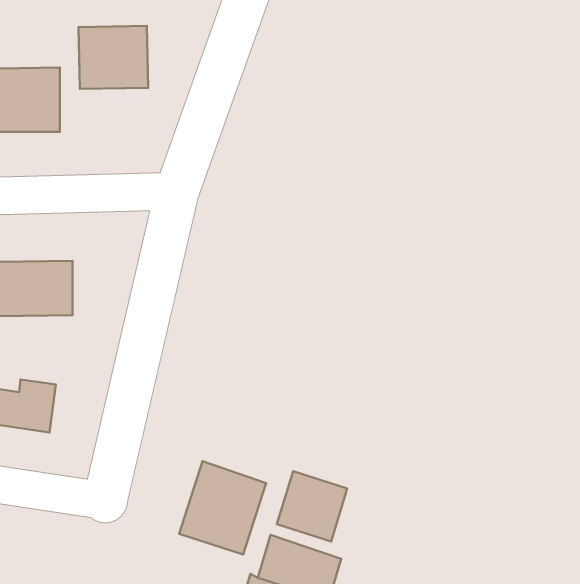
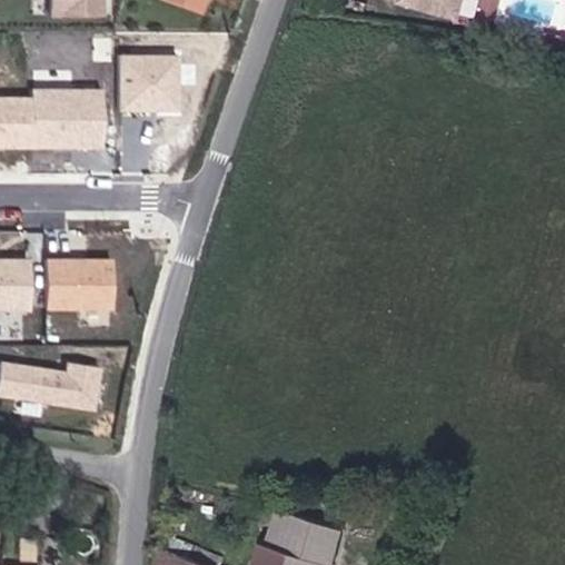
building: [179,461,266,554] -> none
building: [277,471,347,542] -> none

